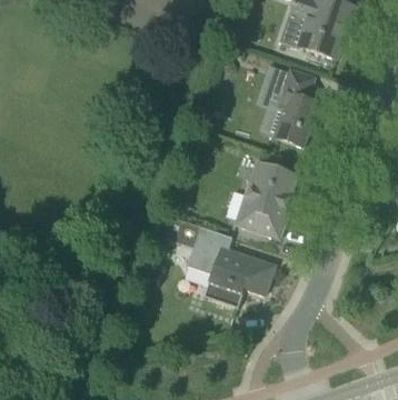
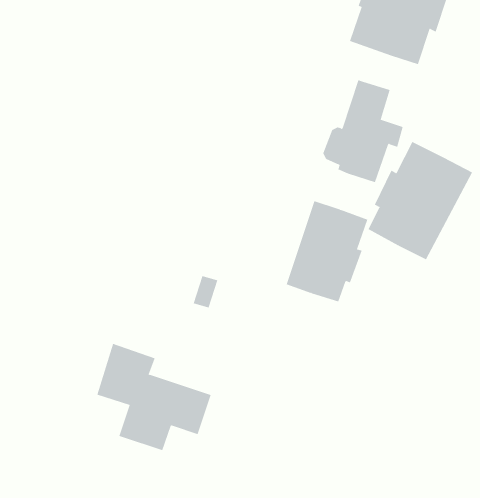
building: none -> [368,141,473,260]
building: [188,226,275,307] -> [96,343,211,451]

